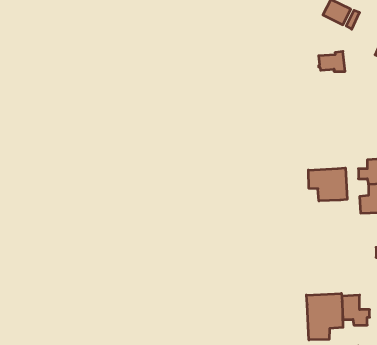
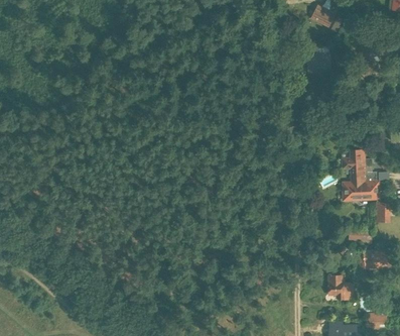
building: [308,168,347,201] -> none
building: [306,293,343,340] -> none

